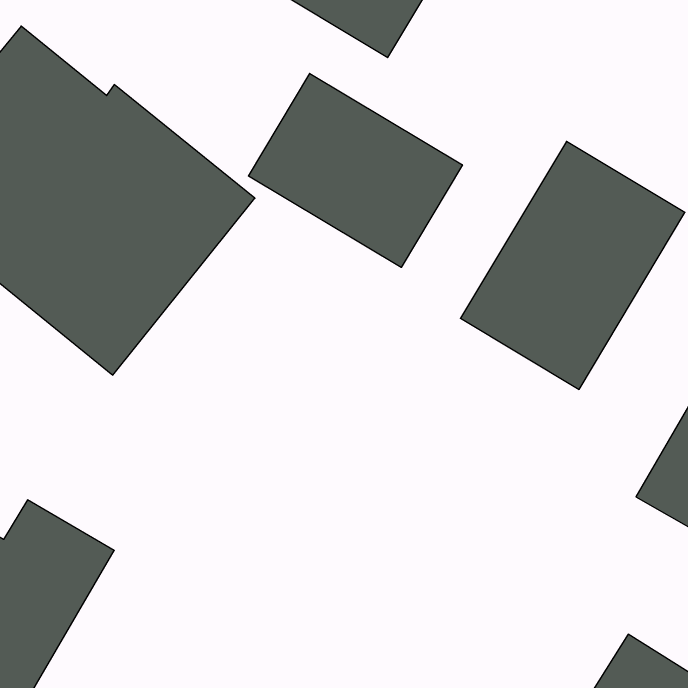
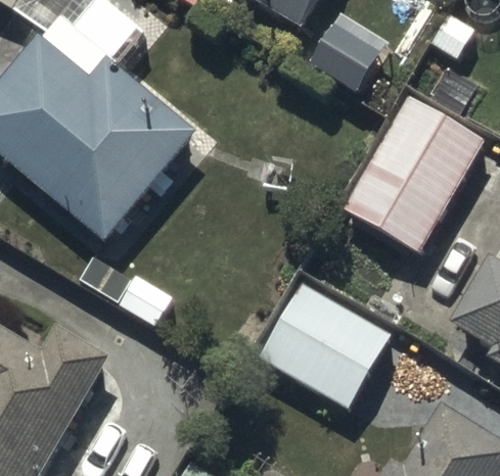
building: [248,73,462,267] -> none
building: none -> [252,280,393,415]

